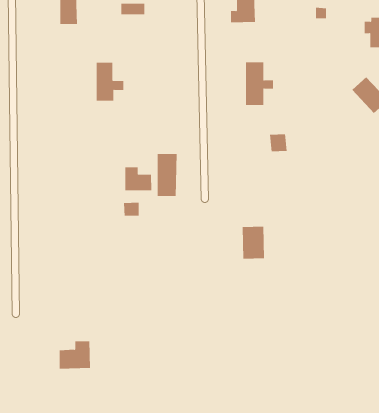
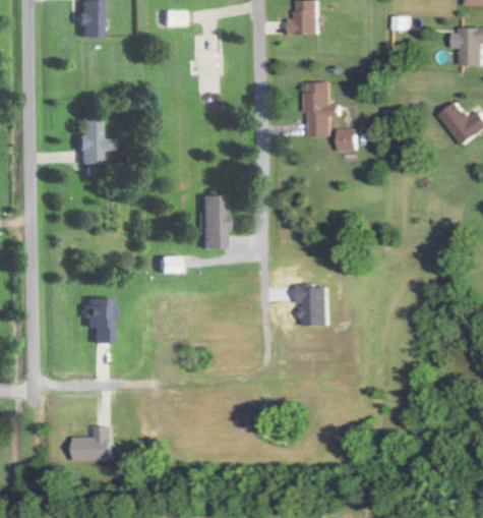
building: [96,62,124,101] -> [76,116,111,164]
building: [269,134,287,152] -> [336,128,358,151]
building: [125,167,152,191] -> none
building: none -> [80,297,110,344]

